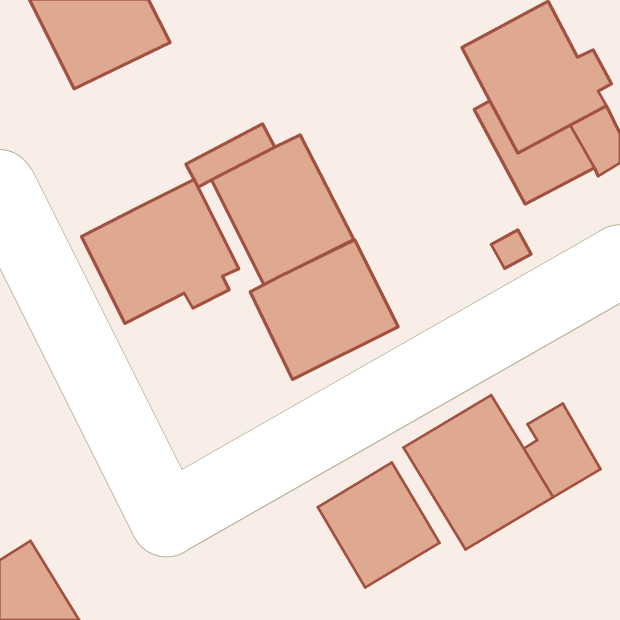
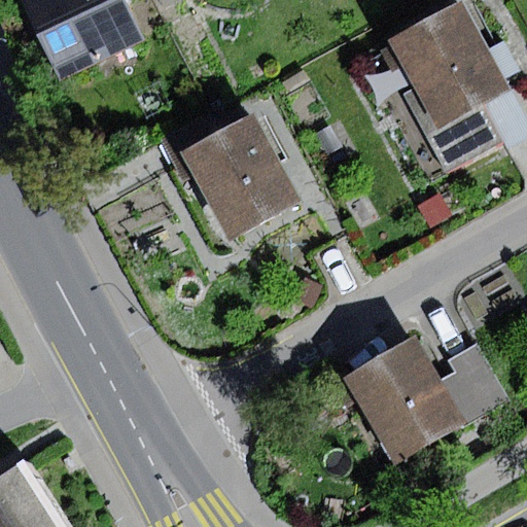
building: [81,180,239,323] -> none
building: [250,240,398,380] -> none
building: [318,463,439,587] -> none

